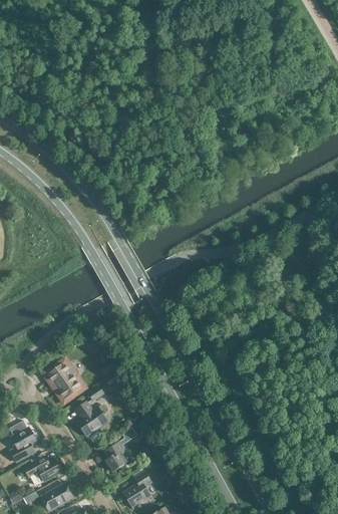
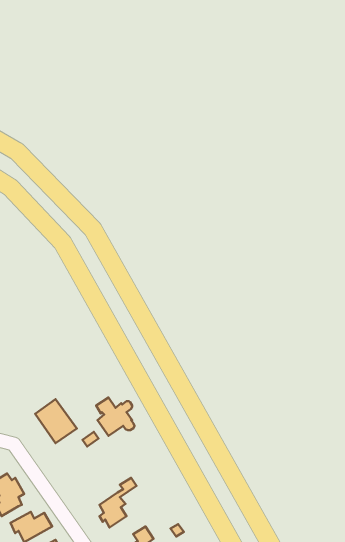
building: [75,402,109,436] -> [96,398,135,436]

